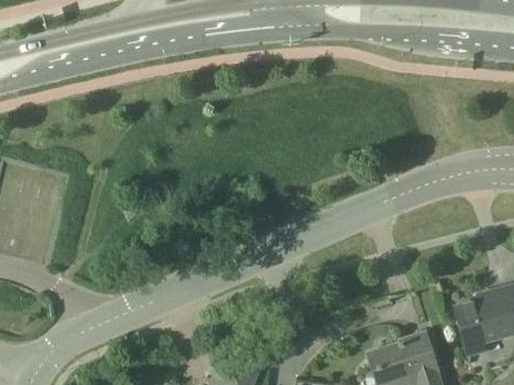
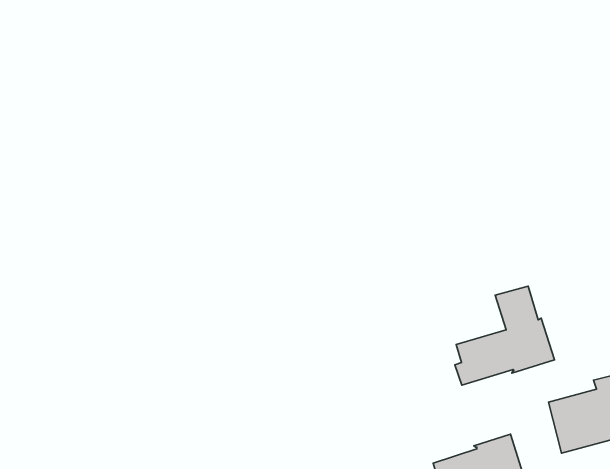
building: none -> [455,286,554,385]

